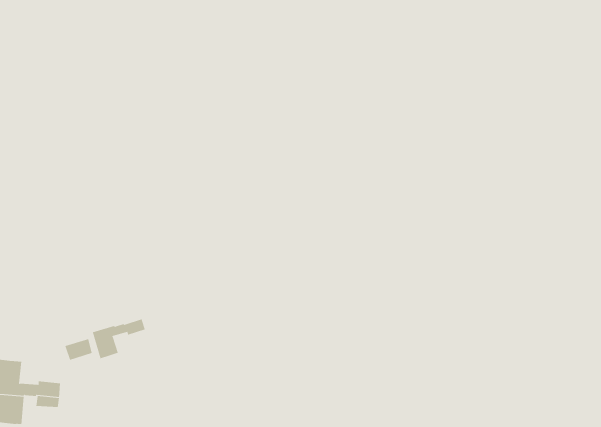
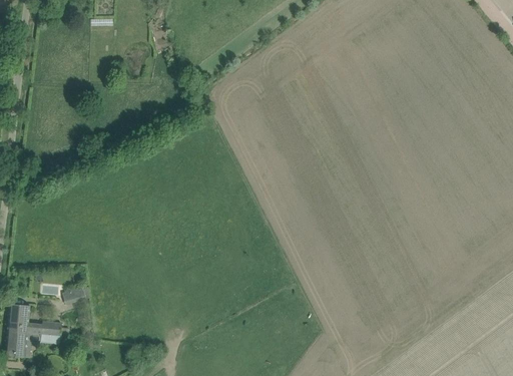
building: [92,318,145,359] -> none

